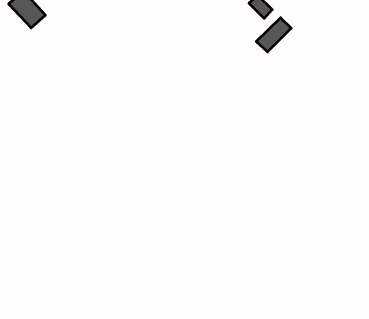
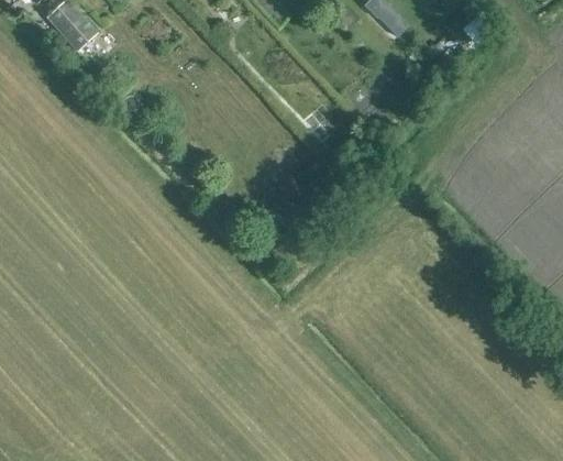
building: [256,18,291,52] -> none

